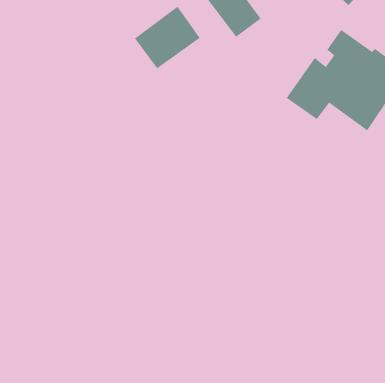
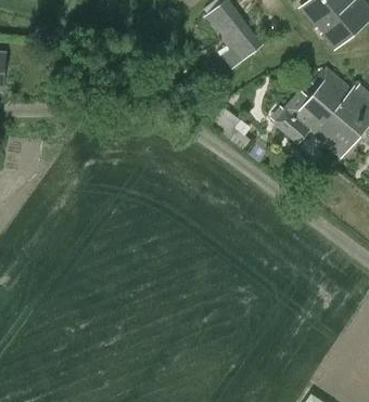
building: [134,6,201,69] -> none

